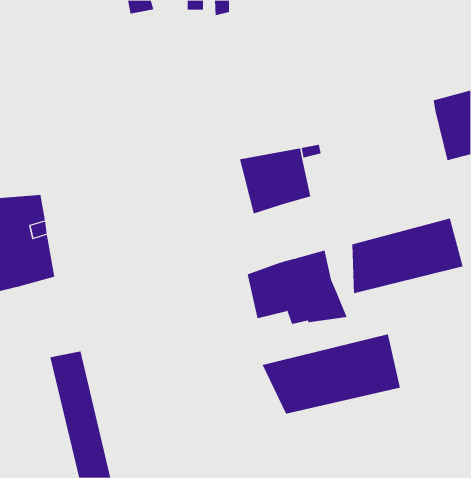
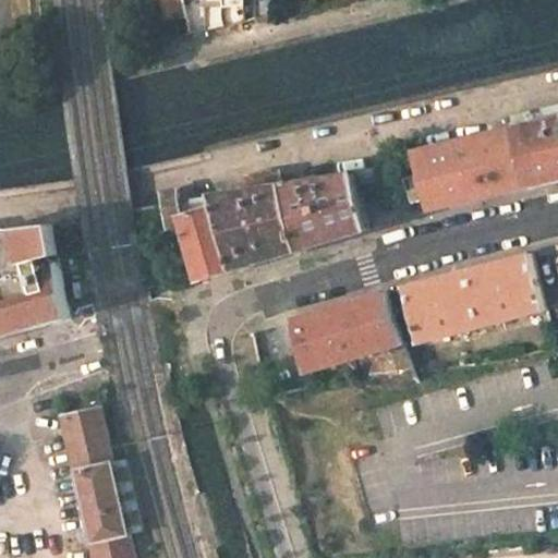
building: none -> [410,129,521,210]
building: none -> [157,171,295,281]
building: [262,333,400,414] -> none

